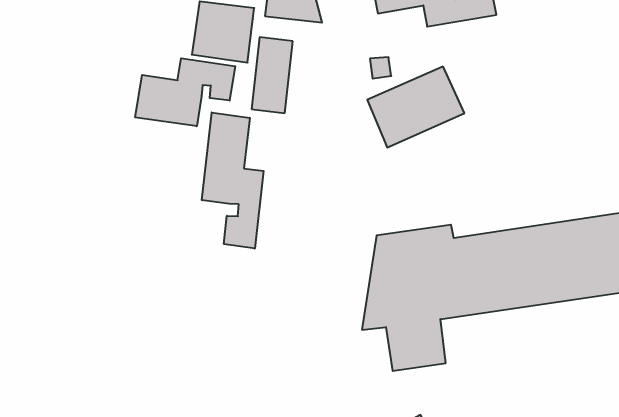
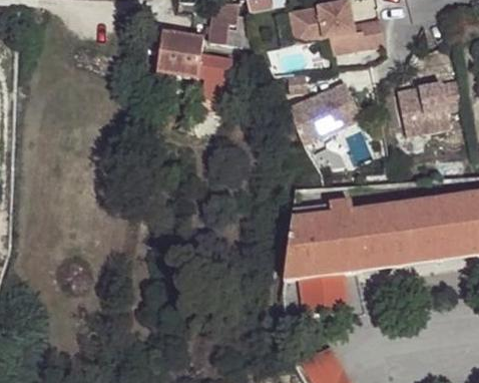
building: [135,58,235,126] -> none
building: none -> [398,78,461,133]
building: [202,112,264,249] -> none

